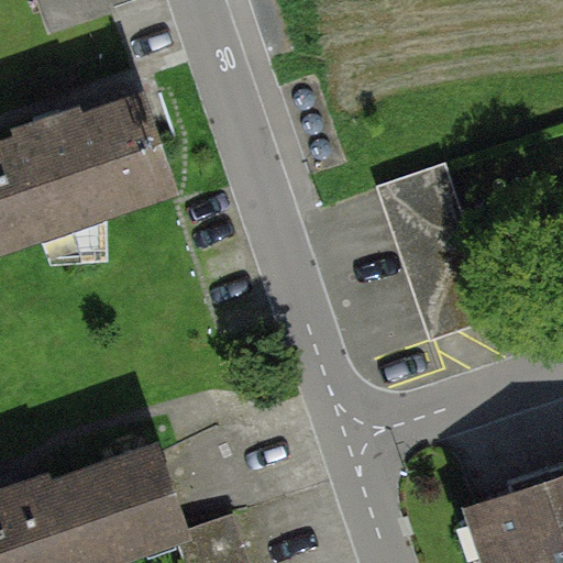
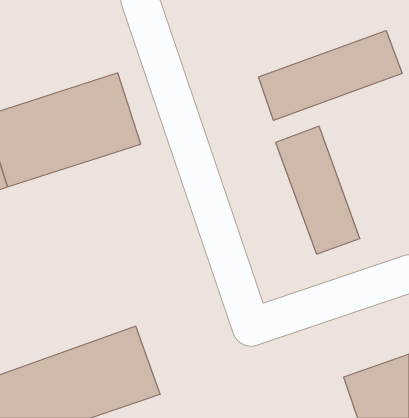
building: none -> [258,31,402,120]

